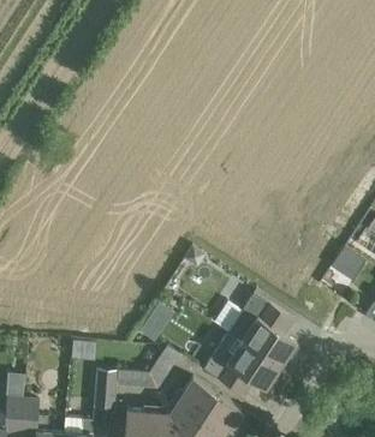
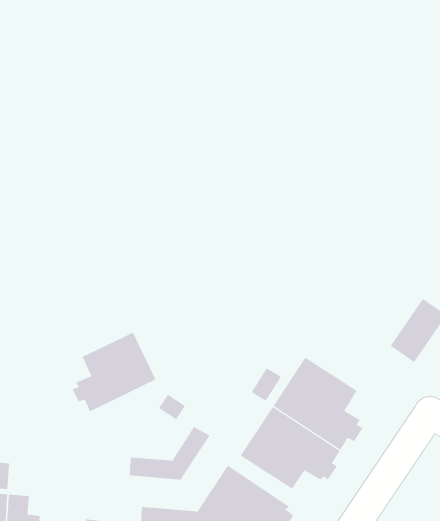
building: none -> [72,332,156,412]
building: [93,369,117,408] -> none

